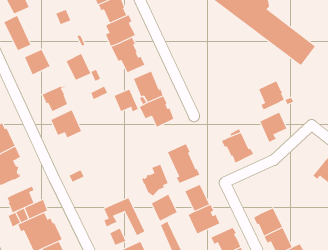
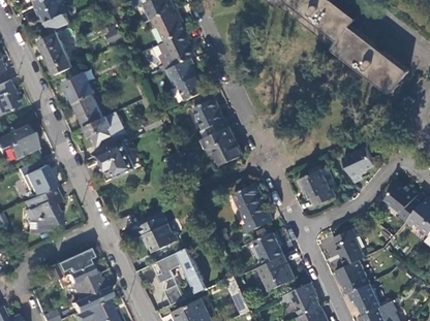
building: [66,53,91,80] -> [72,94,102,126]
building: [258,80,285,110] -> none
building: [114,89,138,112] -> none
building: none -> [385,185,419,222]
building: [142,164,168,196] -> none
building: none -> [136,216,176,252]
building: none -> [333,229,364,266]
building: [7,186,34,213] -> none
building: [151,194,178,222] -> none

